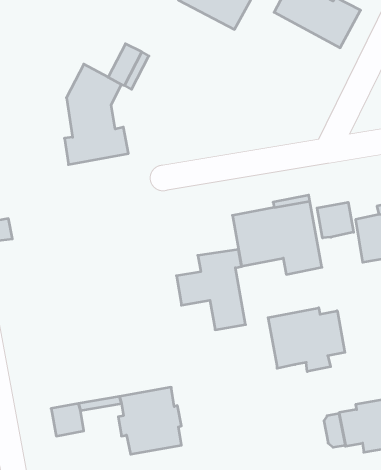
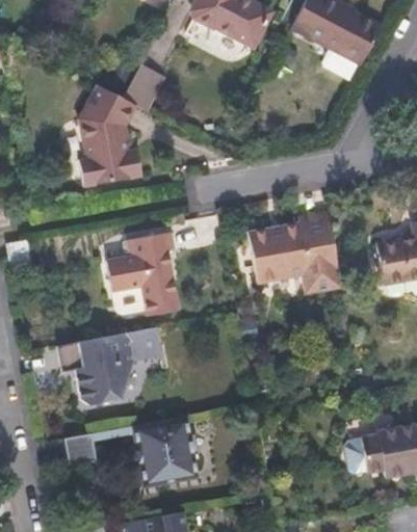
building: [317,202,354,238] -> none
building: [176,249,246,330] -> [107,232,178,314]
building: none -> [56,325,161,403]
building: [268,308,345,372] -> none

